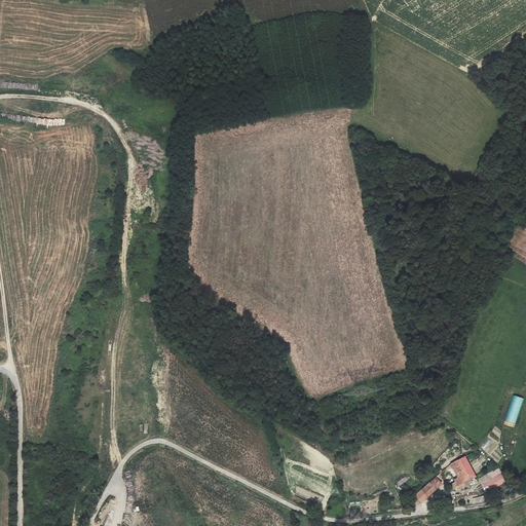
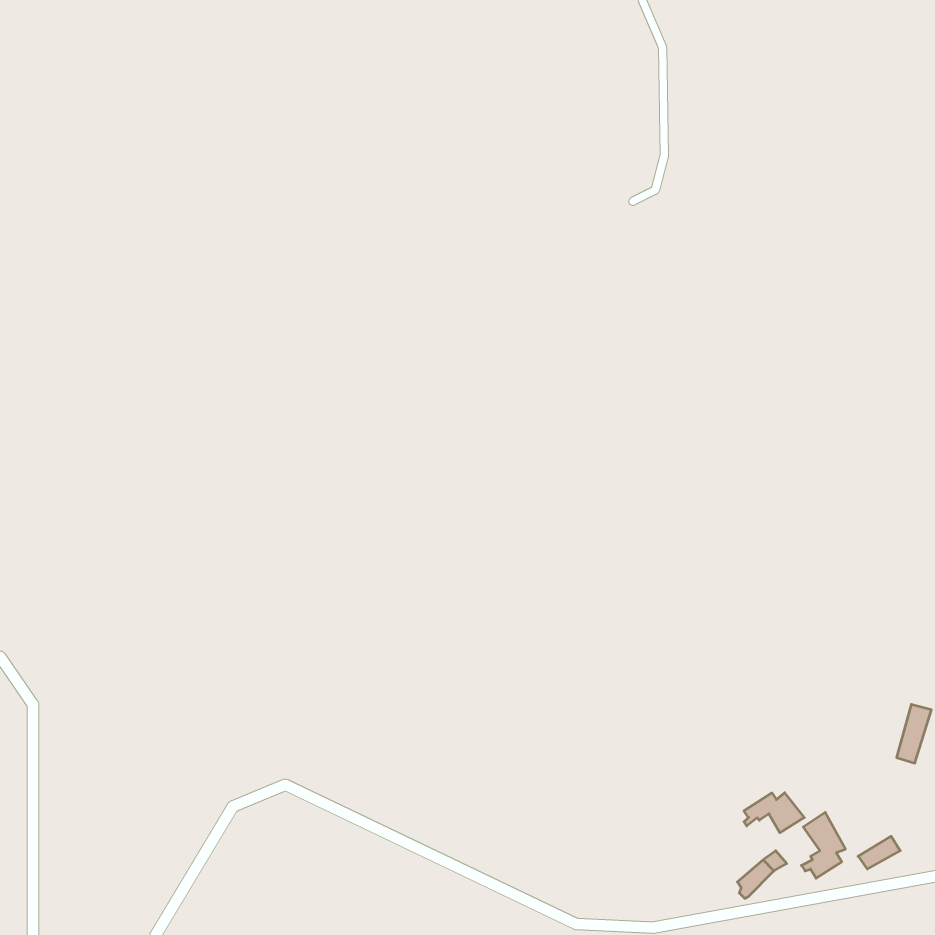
building: none -> [744,793,804,833]

